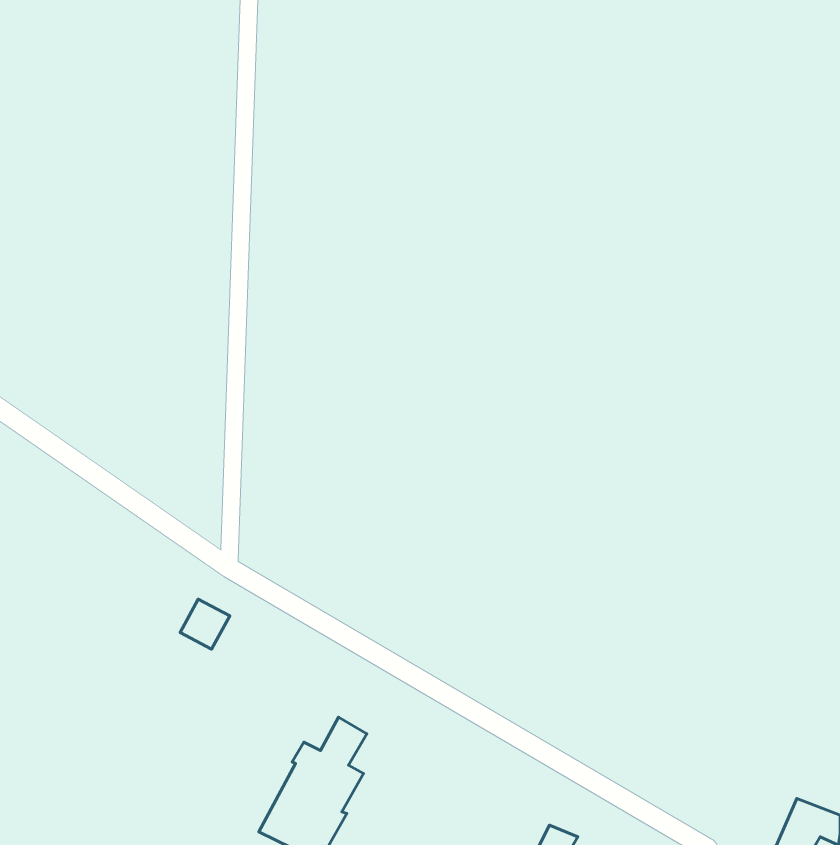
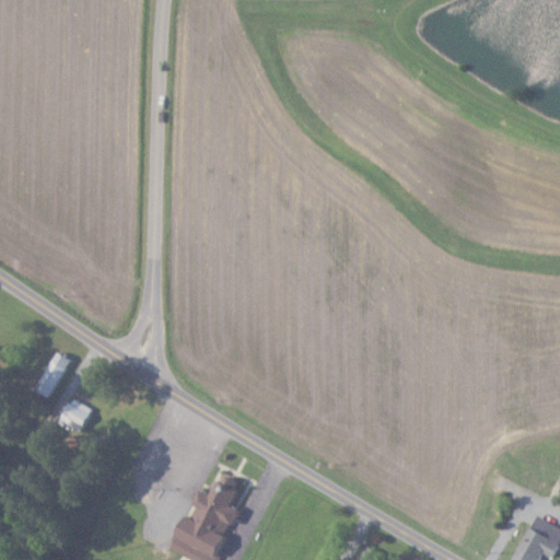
building: none -> [34,352,71,398]
building: [180,599,230,649] -> [59,399,92,432]

